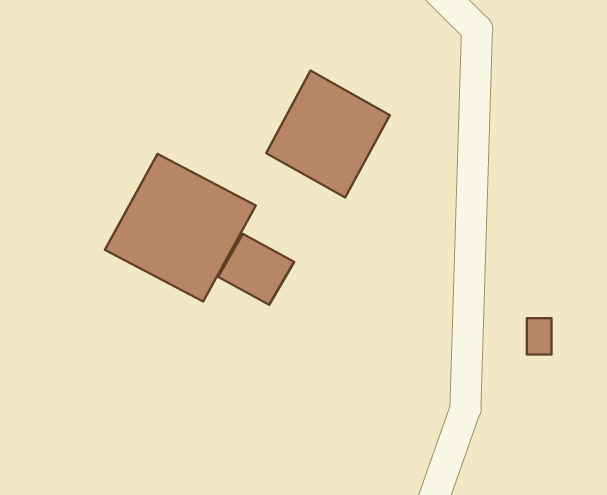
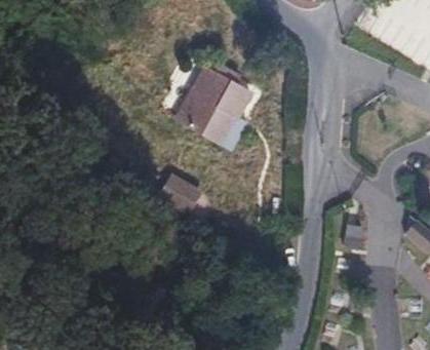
building: [105,154,256,302] -> none

